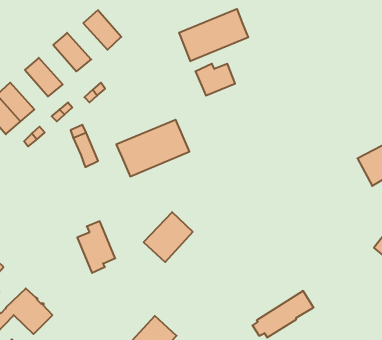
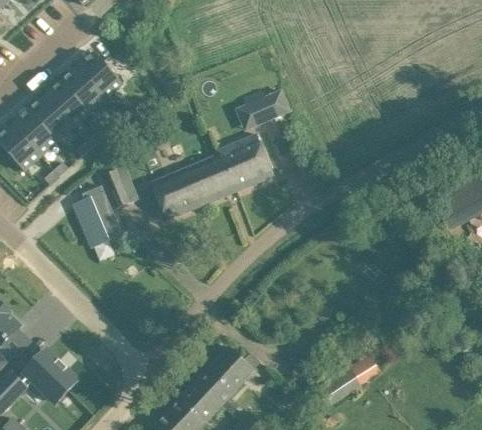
building: [179,9,248,61] -> none
building: [83,10,121,50] -> [61,67,105,113]
building: none -> [28,96,72,142]
building: none -> [218,134,273,191]
building: [144,212,193,262] -> [196,347,253,405]
building: [77,221,115,273] -> [75,186,119,246]

